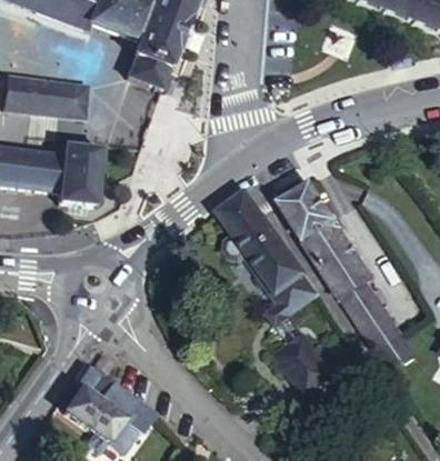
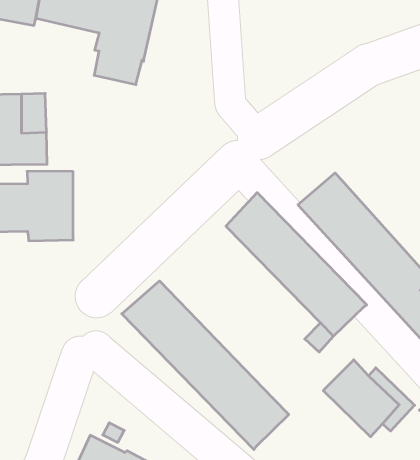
building: none -> [122,281,289,450]

